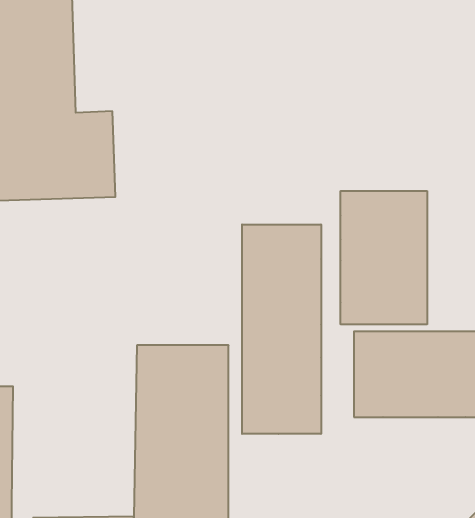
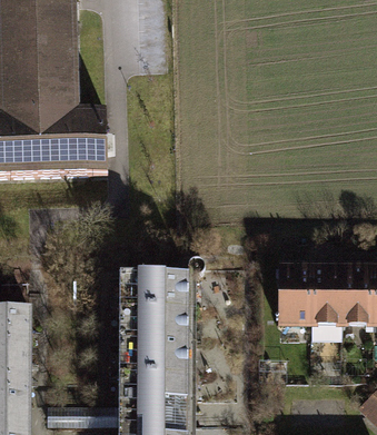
building: [341,191,427,324] -> none
building: [242,224,321,434] -> none

